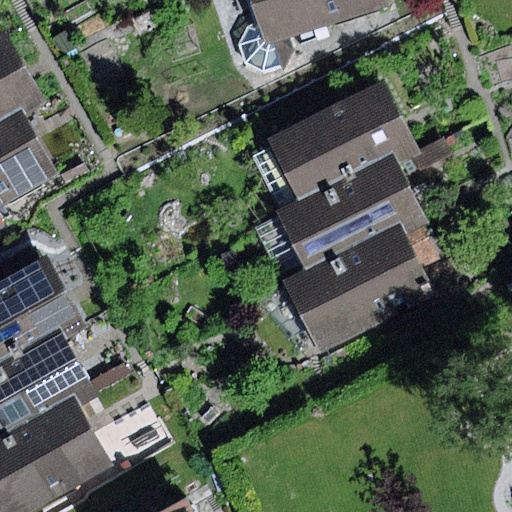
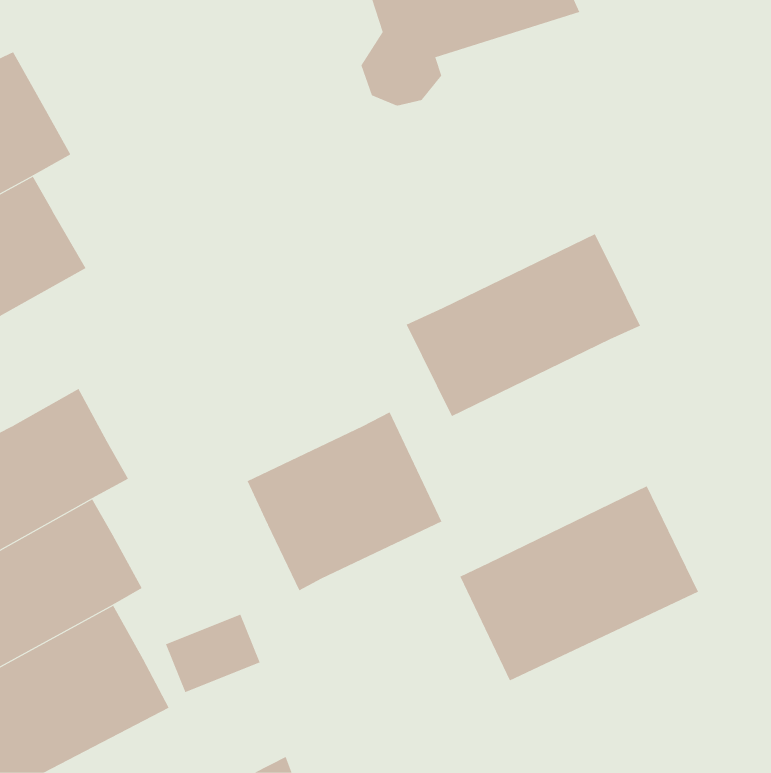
building: [262,81,417,203] -> none
building: [279,224,437,353] -> [459,486,699,681]
building: none -> [247,411,442,591]

